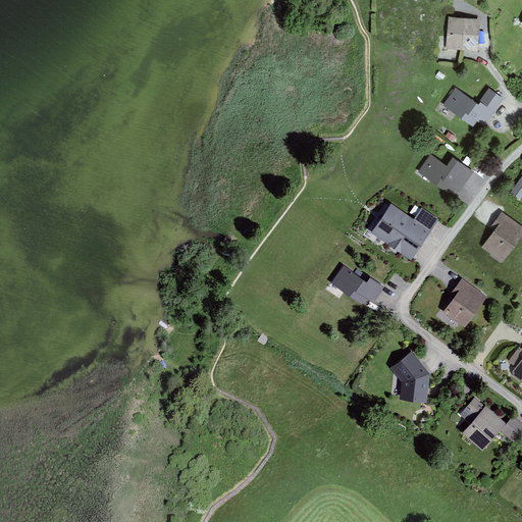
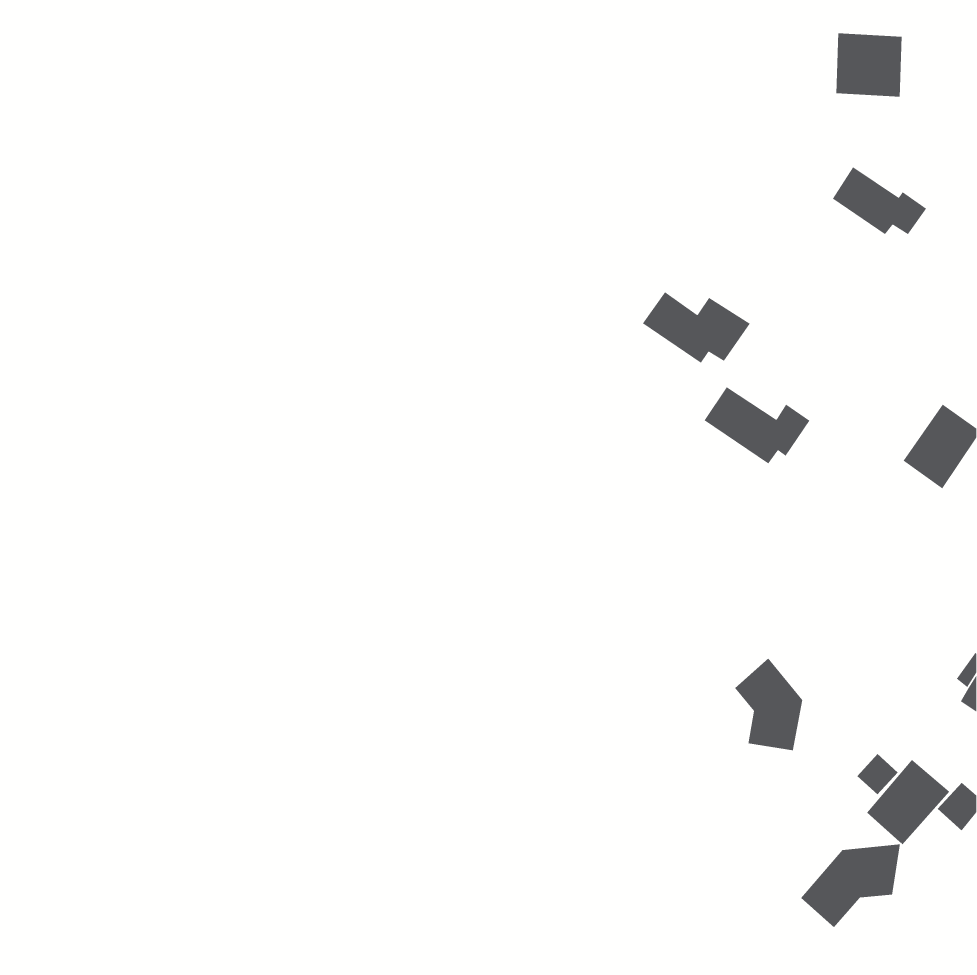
building: [417,154,475,193] -> [642,291,751,364]
building: [330,264,388,303] -> none
building: [441,283,485,327] -> none
building: none -> [800,844,901,928]

